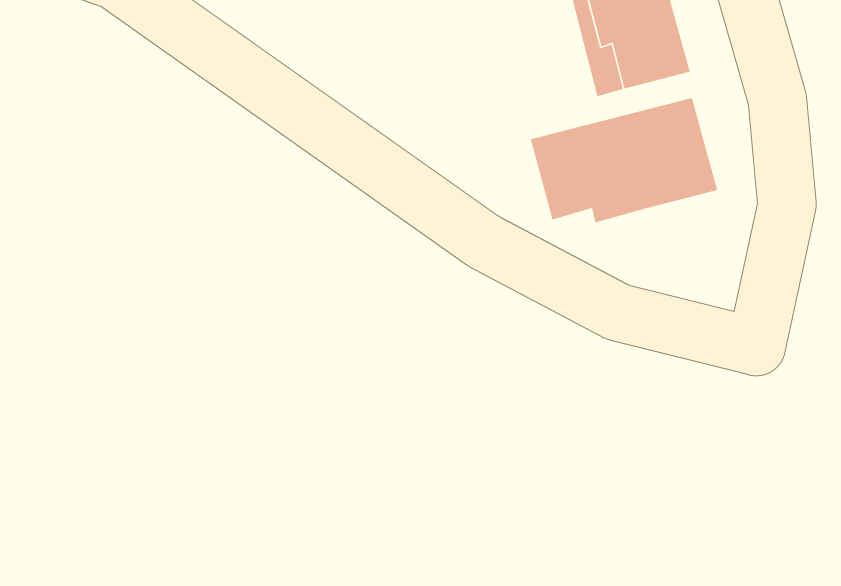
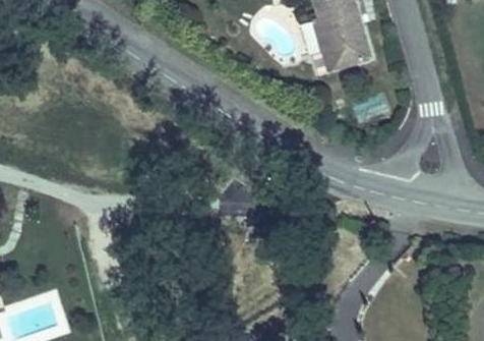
building: [530,97,718,223] -> none

